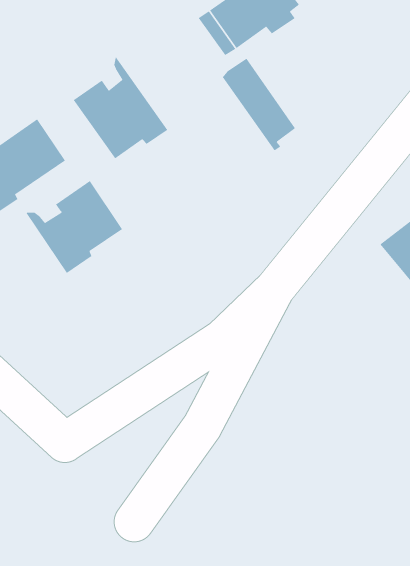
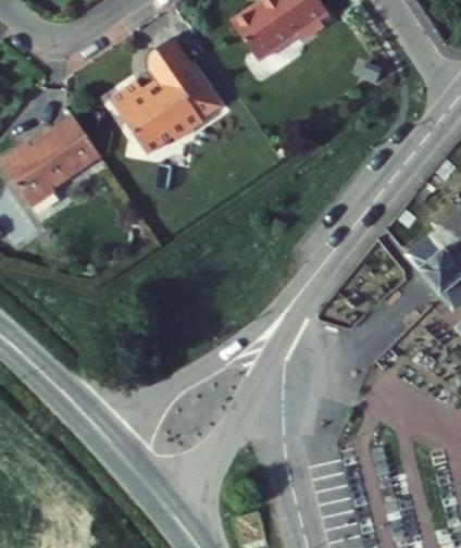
building: [222,58,296,151] -> [152,38,223,127]
building: [25,180,123,274] -> none

